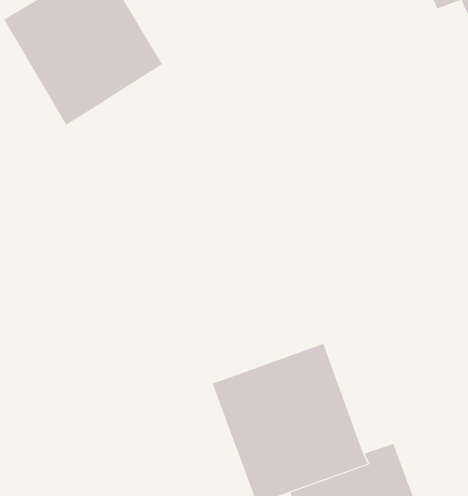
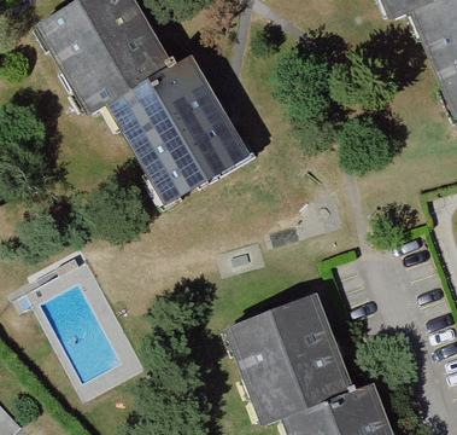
building: none -> [111,56,253,208]

